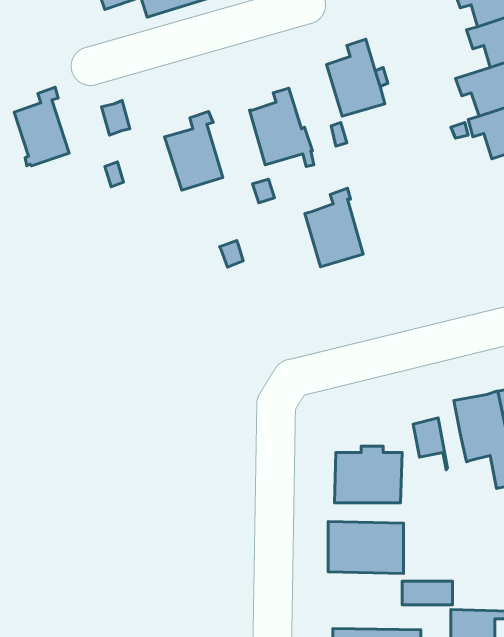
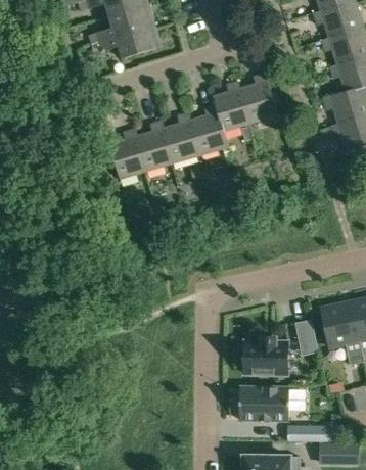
building: none -> [212,81,248,131]
building: [14,87,69,166] -> [108,128,144,179]
building: [305,188,363,267] -> [161,111,198,162]

